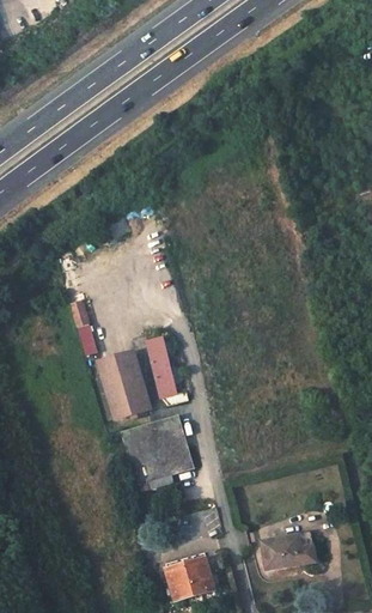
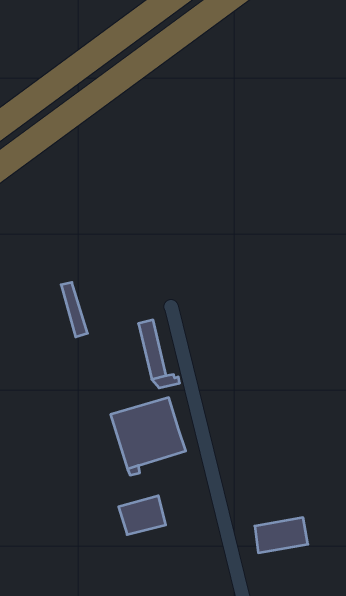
building: [99,351,151,418] -> none
building: [166,560,213,599] -> [119,496,166,535]

